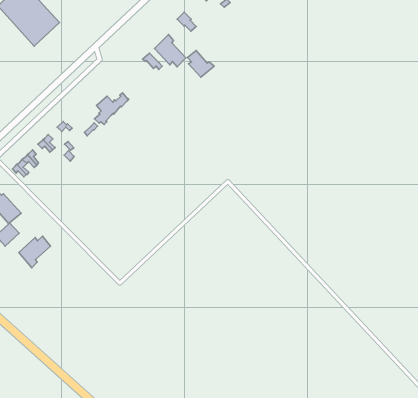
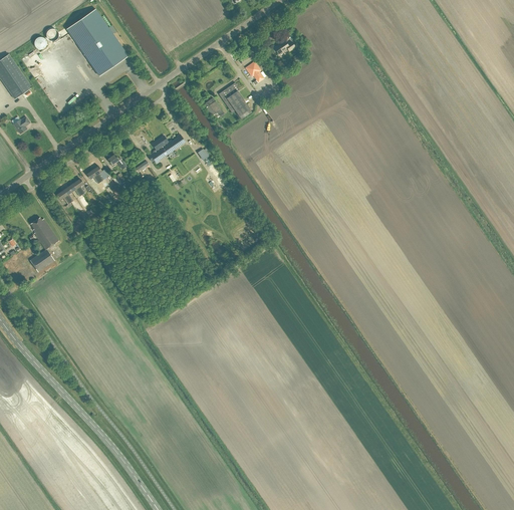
building: [187,51,214,77] -> none
building: [19,236,51,268] -> none

